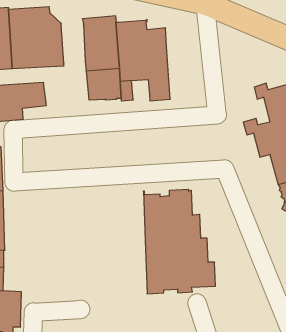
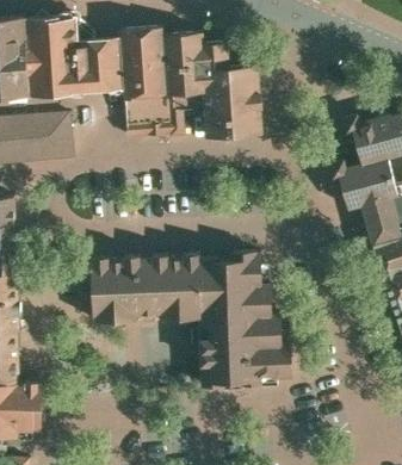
building: none -> [92,38,123,88]
building: none -> [228,66,261,135]
building: none -> [93,254,200,321]

